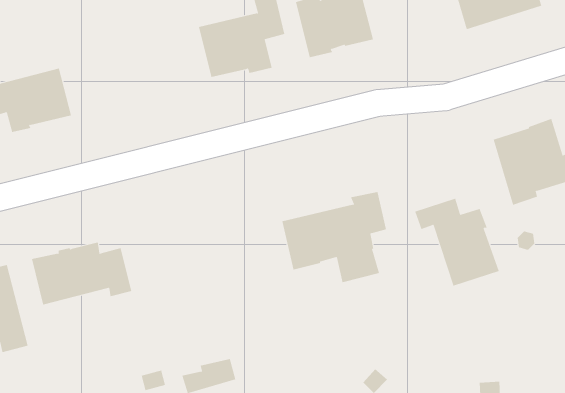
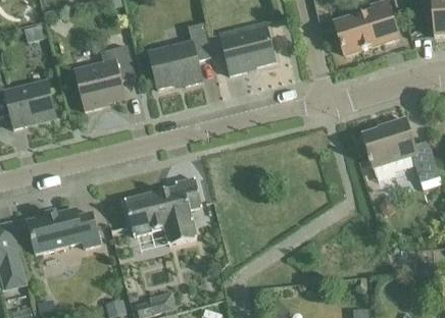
building: none -> [73,45,135,110]
building: [281,192,387,283] -> [125,177,201,244]
building: [414,198,500,286] -> none

